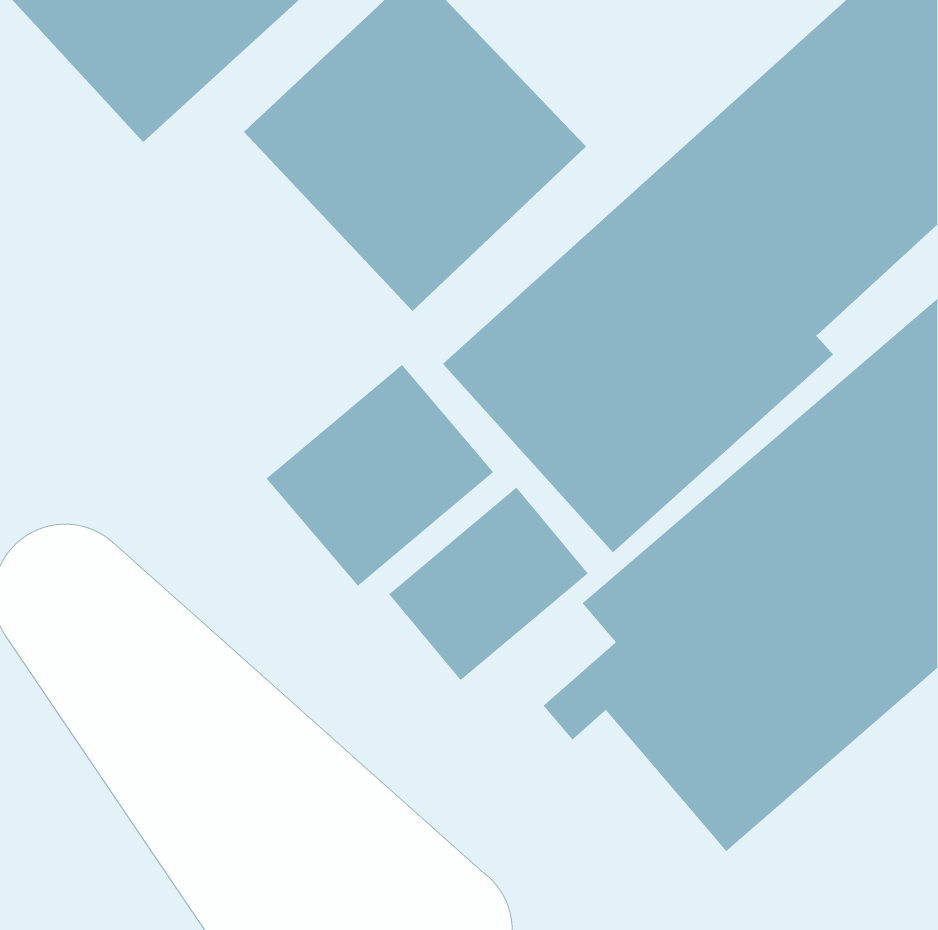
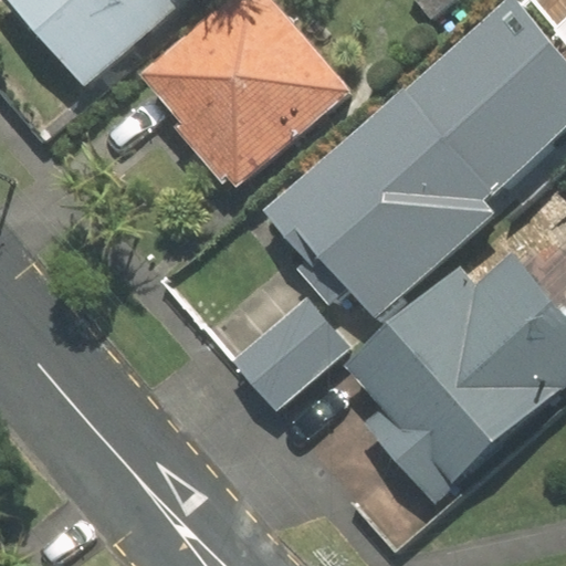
building: [265,364,494,587] -> none

